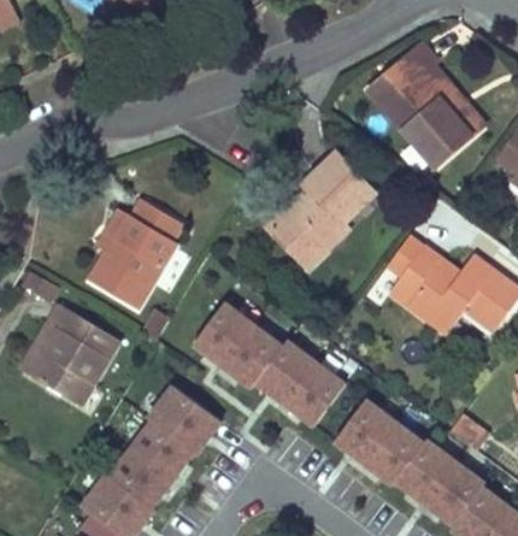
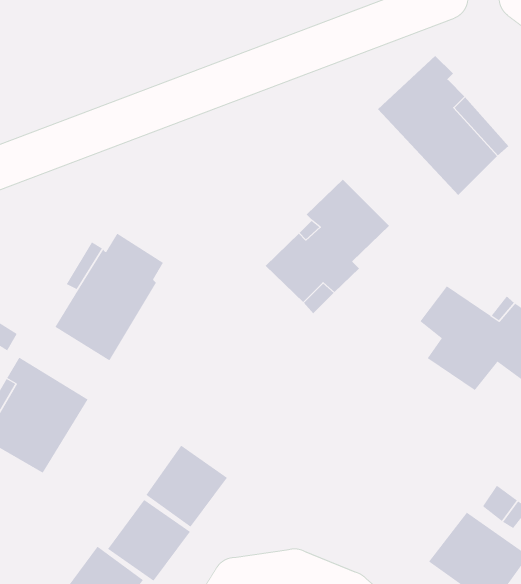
building: [204,302,290,383] -> none
building: [267,342,353,422] -> none
building: [346,397,431,478] -> none

